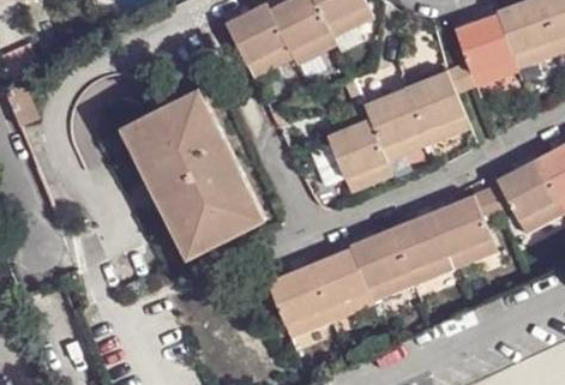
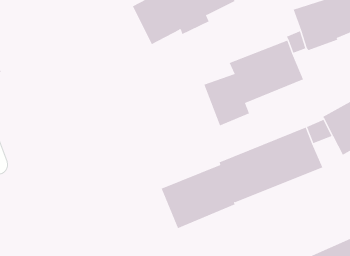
building: [119,88,264,259] -> none

